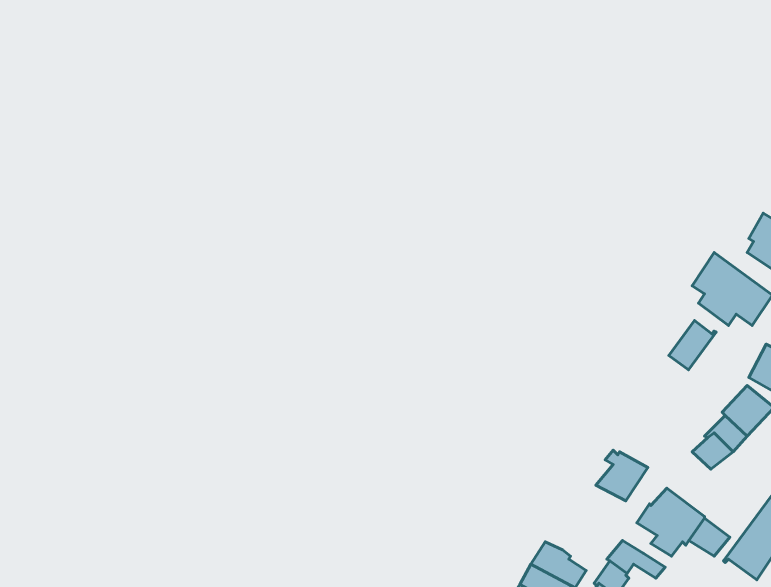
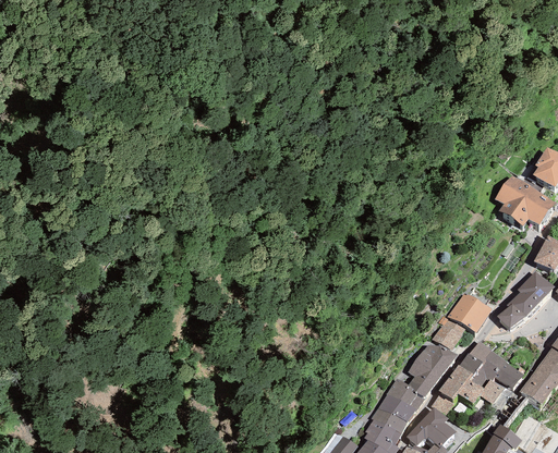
building: [669,320,716,370] -> none
building: none -> [448,293,493,332]
building: none -> [408,344,458,397]
building: none -> [450,365,506,403]

